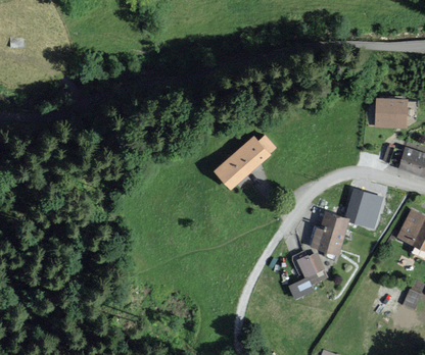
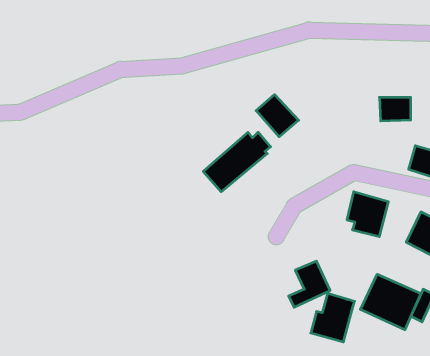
building: none -> [256,95,299,137]
building: [311,210,350,254] -> [311,294,355,342]
building: none -> [360,274,421,330]

